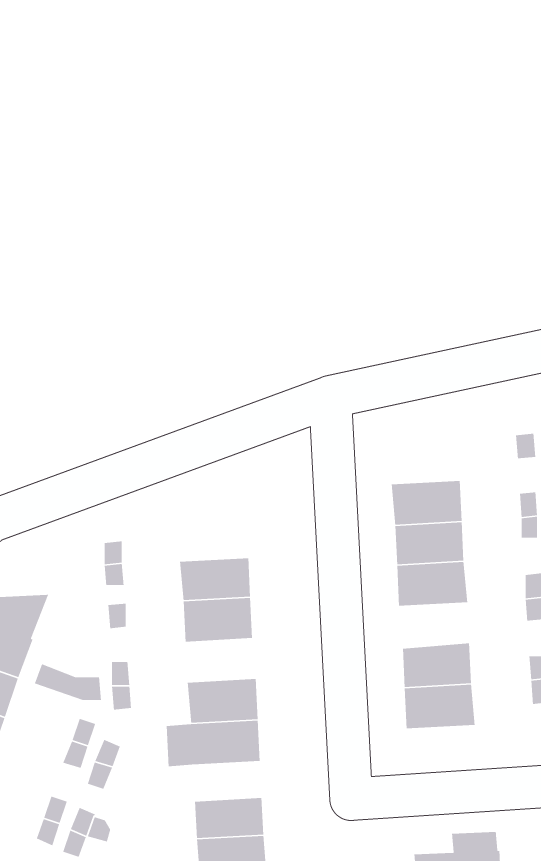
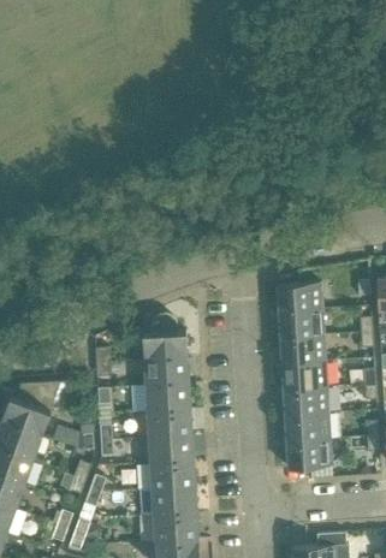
building: none -> [277,284,322,313]
building: none -> [142,314,188,362]
building: none -> [283,388,328,417]
building: none -> [147,411,192,439]
building: none -> [152,489,196,515]

